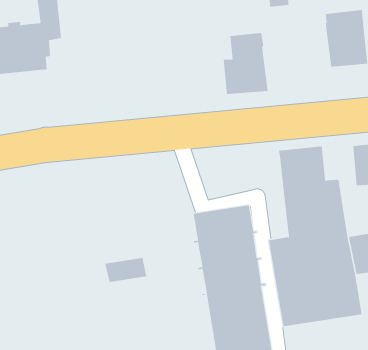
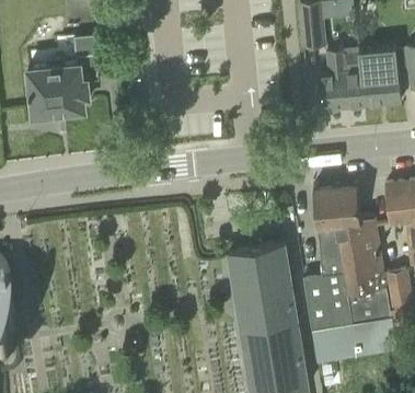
building: [223,32,268,95] -> [319,46,364,107]
building: [105,257,147,283] -> none

